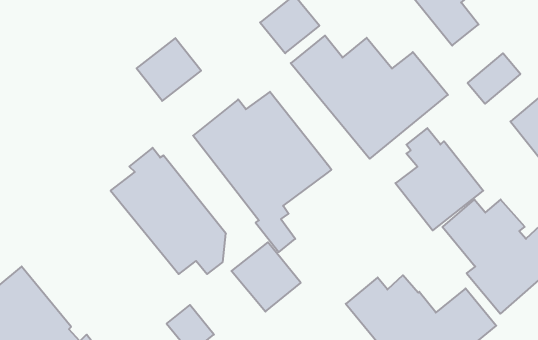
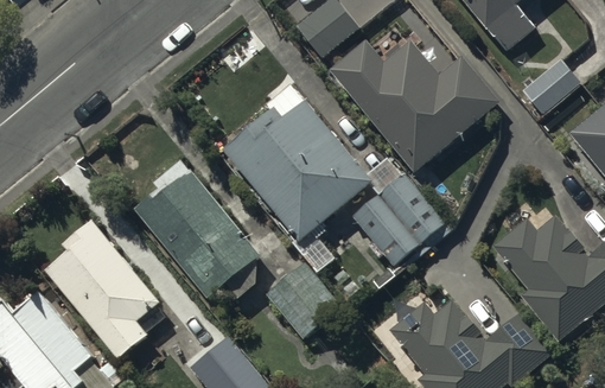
building: [137,38,201,101] -> none
building: [395,128,483,230] -> [356,160,451,271]
building: none -> [44,218,161,358]

